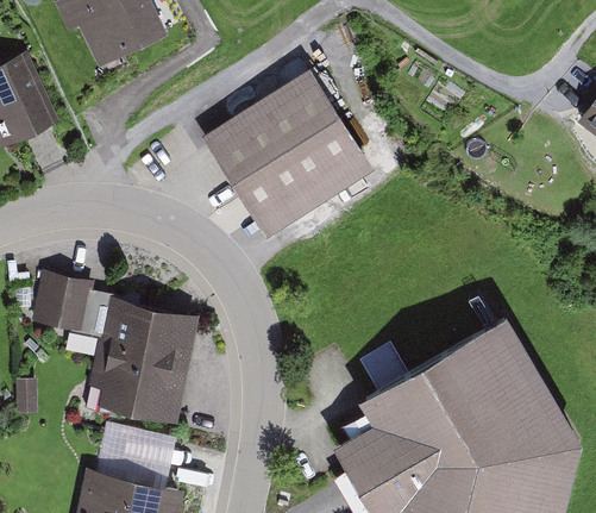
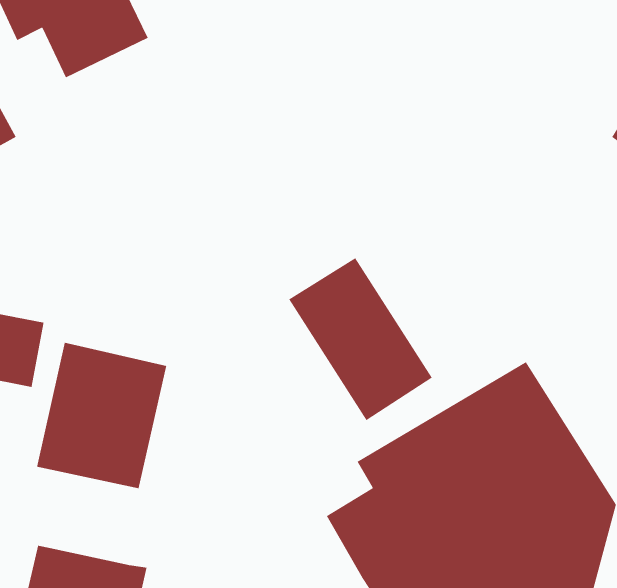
building: [207,69,383,239] -> none
building: none -> [288,257,433,421]
building: [90,425,171,488] -> none

